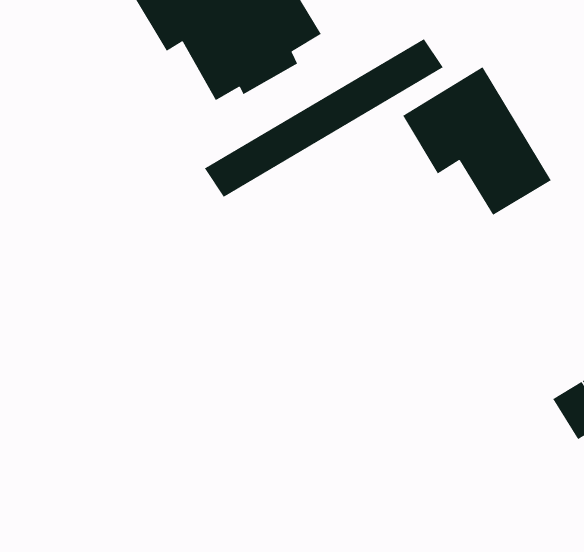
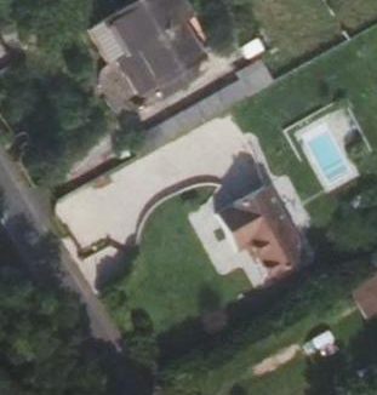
building: [402,66,552,216] -> [209,193,301,285]

